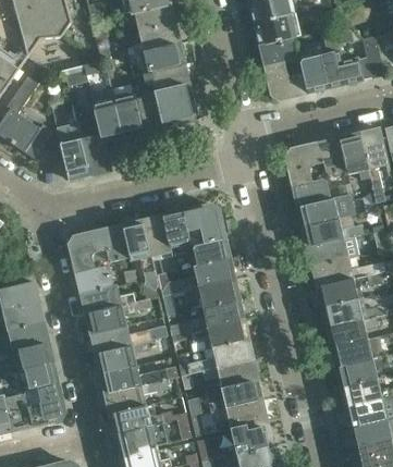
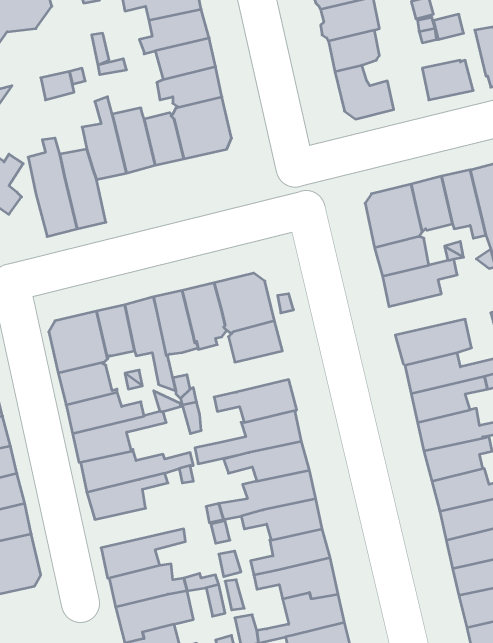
building: [299,56,330,93] -> none
building: [303,219,361,247] -> none
building: [180,258,234,290] -> none
building: [101,366,175,393] -> none

